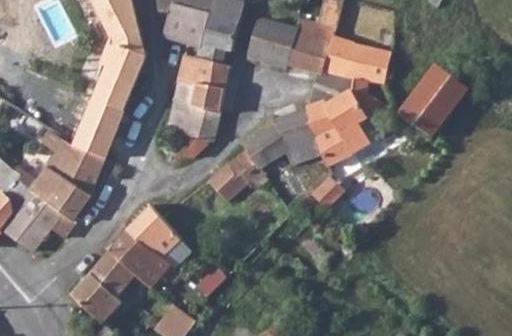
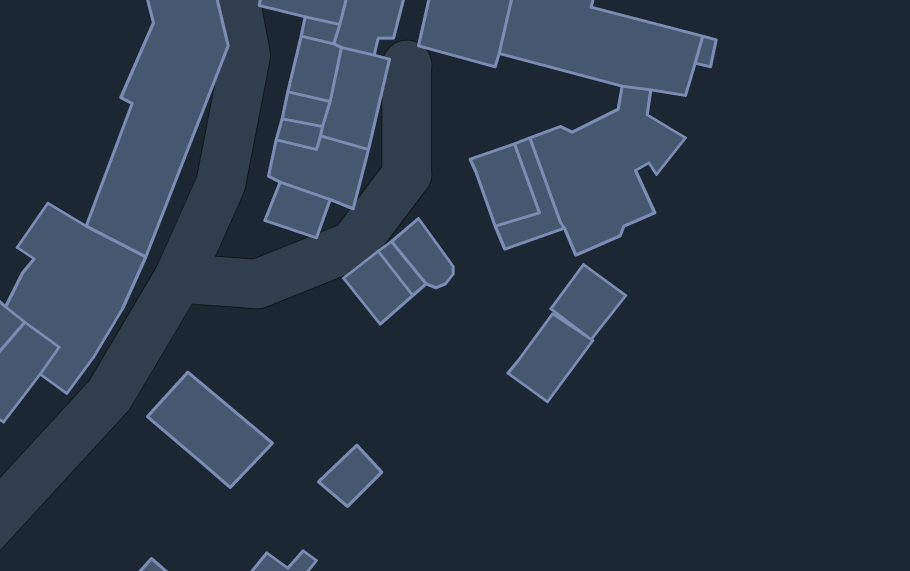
building: [397,64,467,136] -> none
building: [242,124,285,170] -> none
building: none -> [508,314,593,402]
building: [125,205,194,269] -> none
building: [68,253,132,324] -> none

